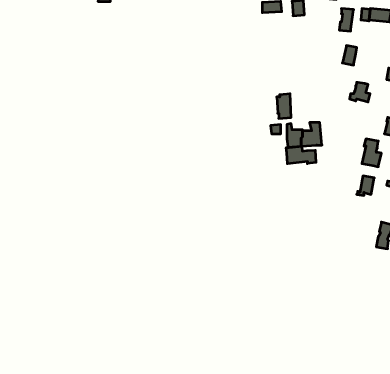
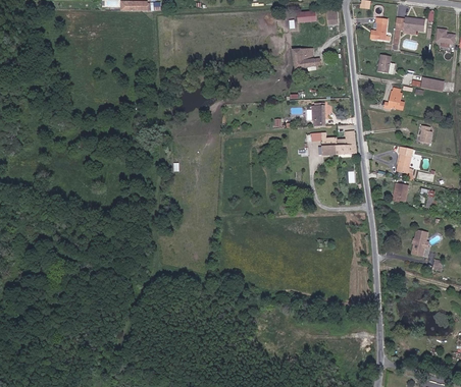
building: none -> [292,48,320,68]
building: [286,146,316,164] -> none

